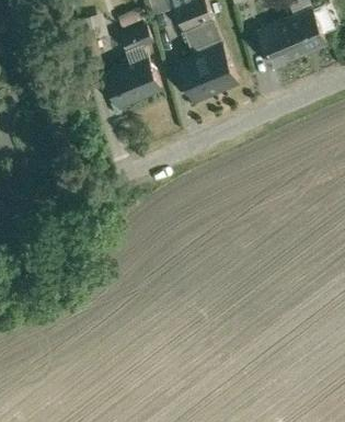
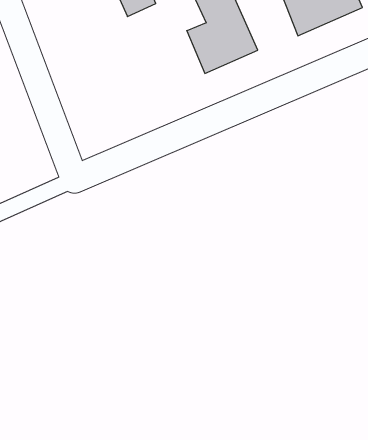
building: [105,56,160,105] -> none

